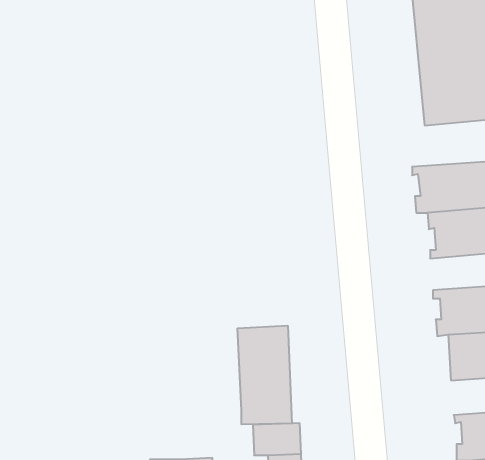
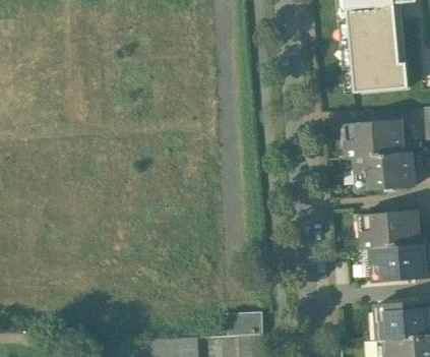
building: [238,326,292,424] -> none

